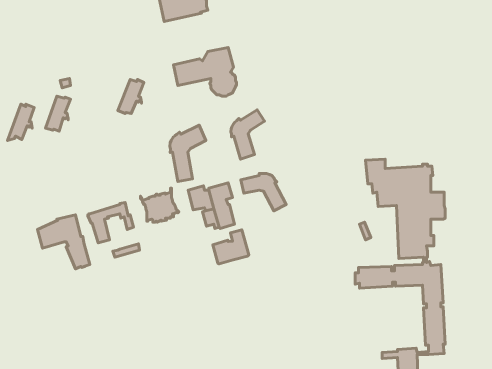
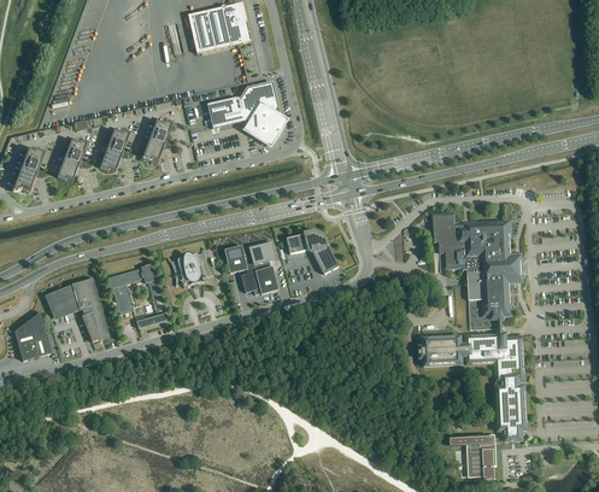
building: none -> [99,129,129,170]
building: [231,110,264,159] -> none
building: [170,125,206,181] -> none
building: [213,230,249,264] -> none
building: none -> [13,310,51,359]

